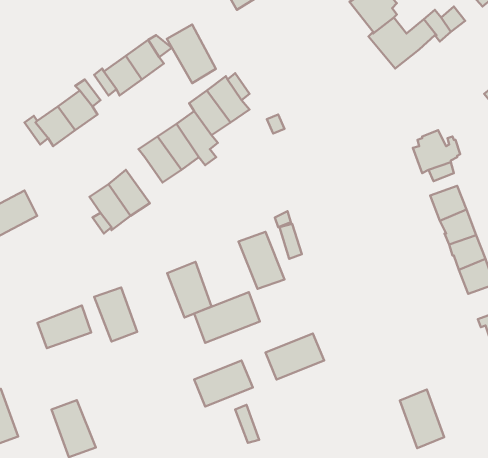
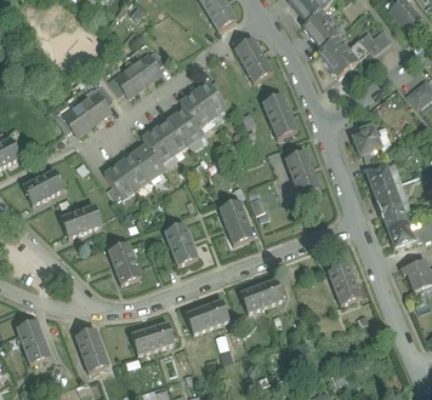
building: [167,24,216,83] -> [234,36,272,81]
building: none -> [262,92,297,136]
building: none -> [132,142,164,177]
building: none -> [285,149,319,193]
building: [194,292,260,343] -> none
building: [37,305,91,348] -> [61,202,102,235]
building: [400,390,444,448] -> [328,261,362,305]
building: none -> [131,320,175,353]

